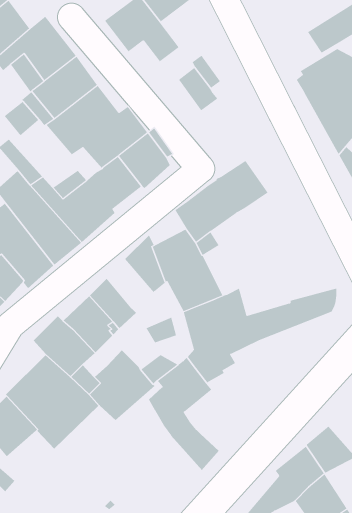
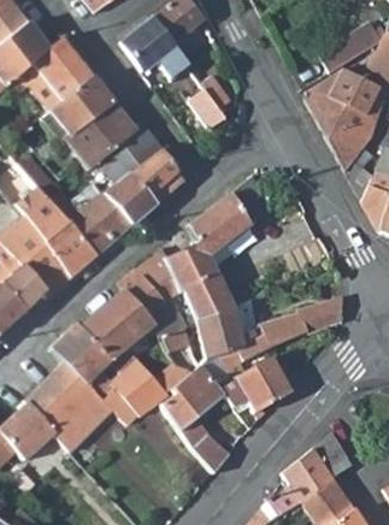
building: none -> [119,266,167,317]
building: none -> [219,356,290,418]

